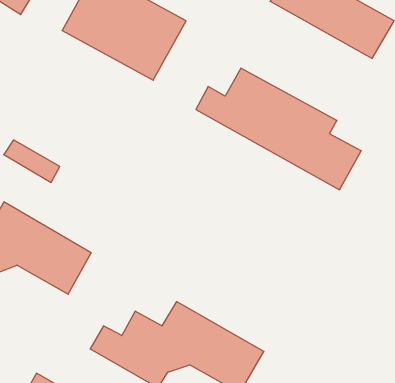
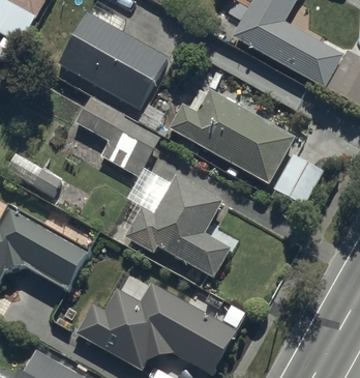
building: none -> [71,95,154,171]
building: none -> [131,181,228,280]

